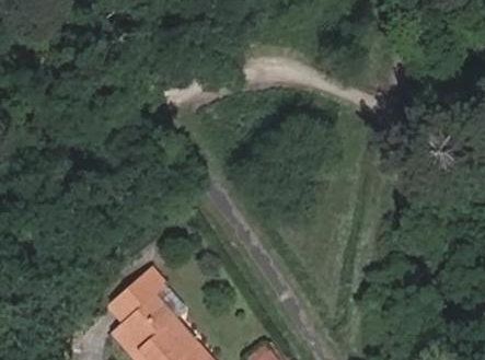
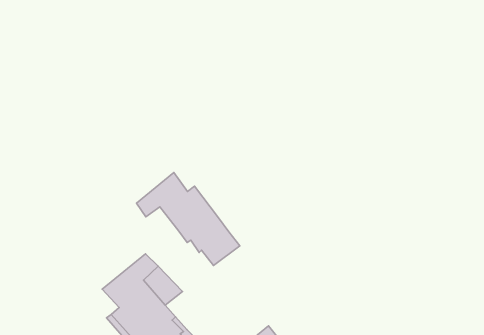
building: none -> [137,173,240,266]

